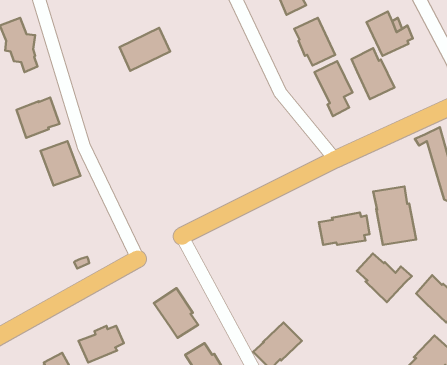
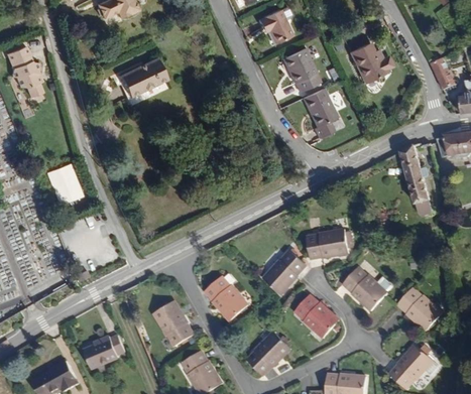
building: [351,48,395,99] -> none
building: [16,98,59,138] -> none
building: [373,186,416,245] -> none
building: none -> [261,251,305,295]
building: none -> [203,276,246,321]
building: none -> [293,295,339,339]

